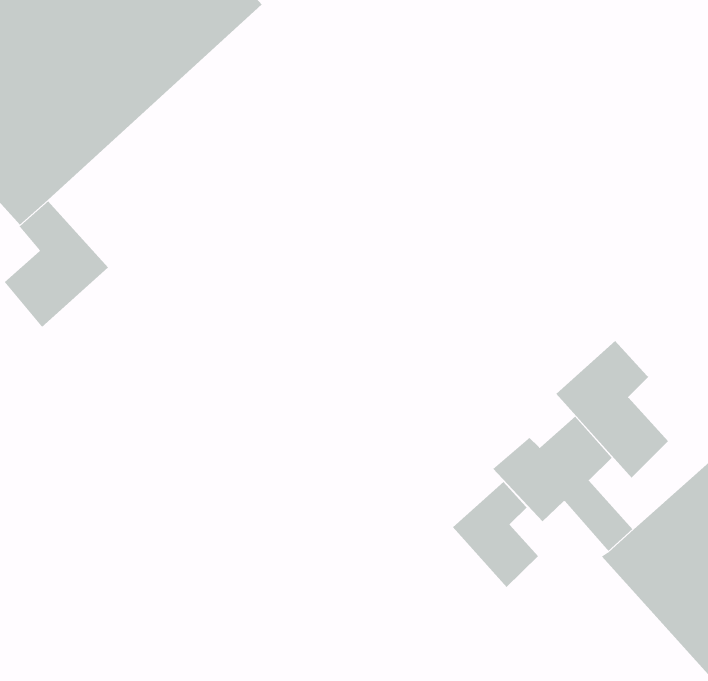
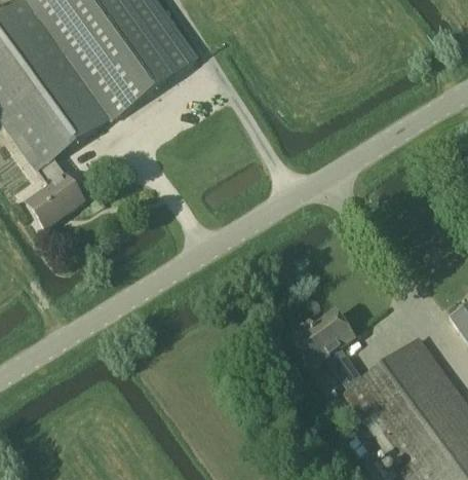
building: [555,340,669,479] -> none
building: [452,481,539,588] -> none

